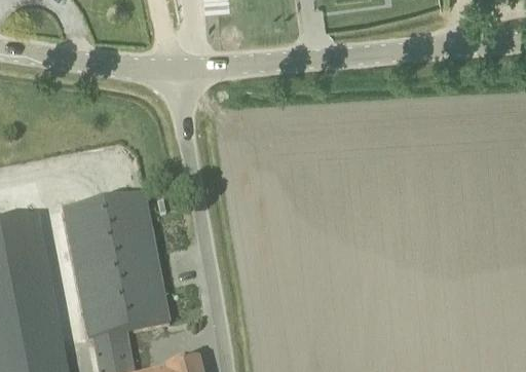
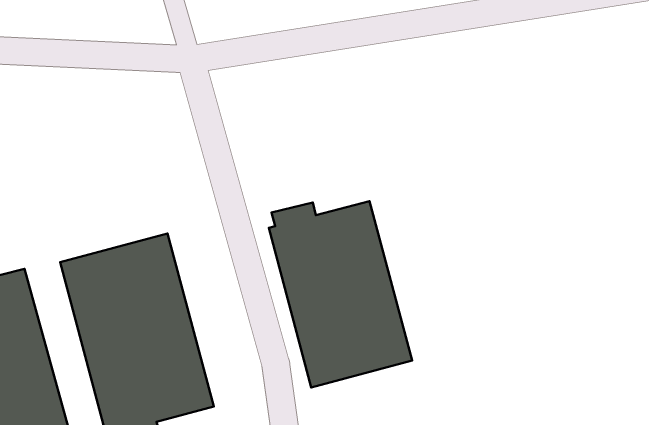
building: none -> [269,201,412,387]

